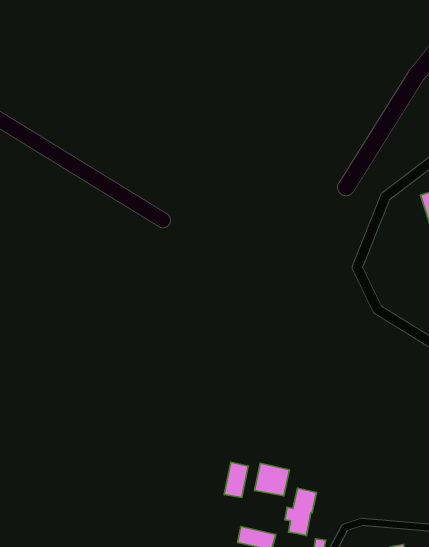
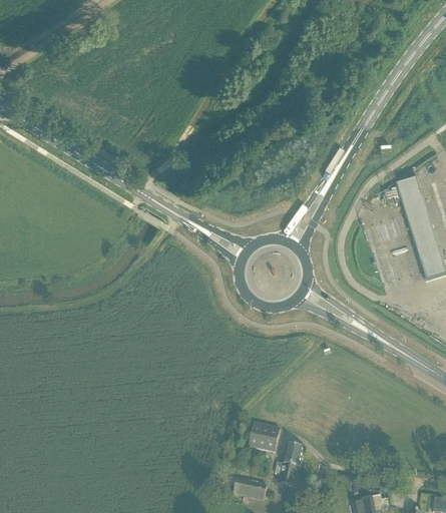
building: [224,462,248,497] -> none

